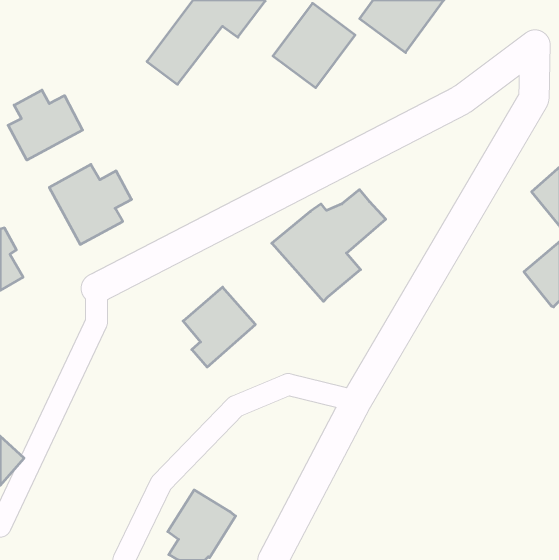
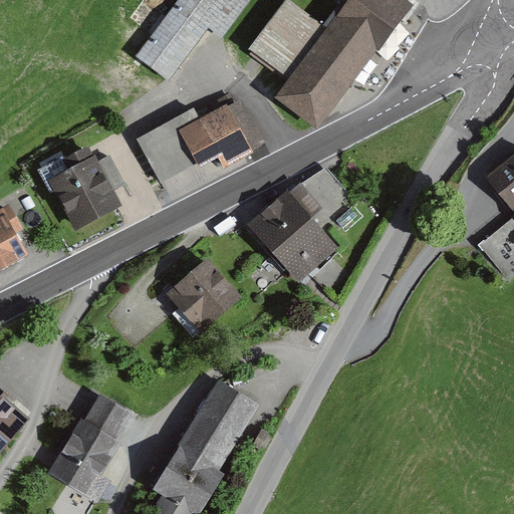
building: none -> [277,17,372,120]
building: [8,90,83,160] -> none
building: none -> [141,109,260,181]
building: none -> [179,387,251,469]
building: none -> [51,398,125,491]

